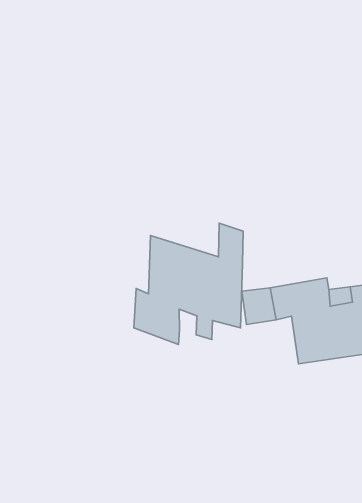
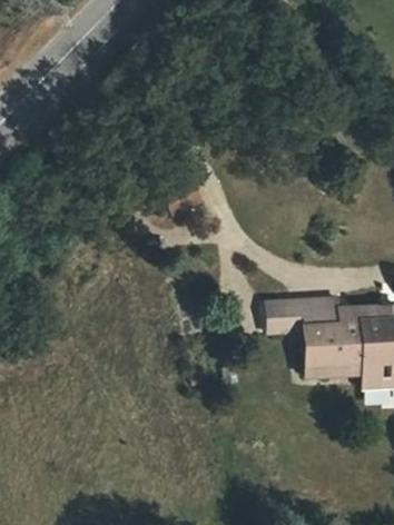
building: [134,223,243,344] -> none

